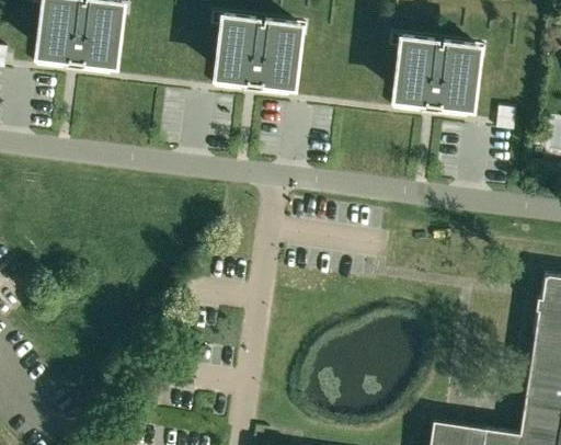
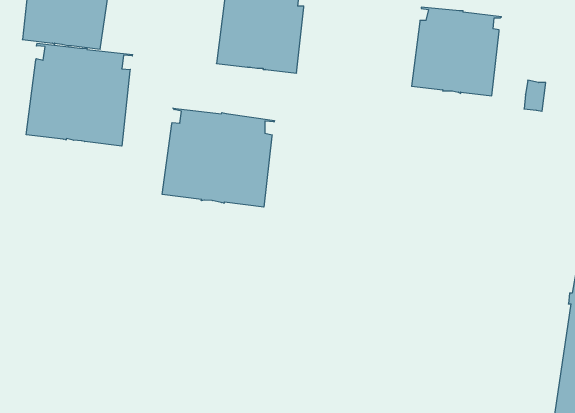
building: none -> [26,43,133,146]
building: none -> [162,108,274,207]

